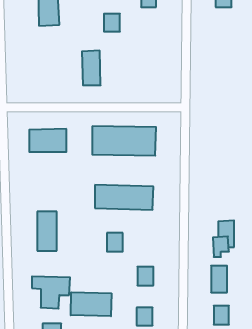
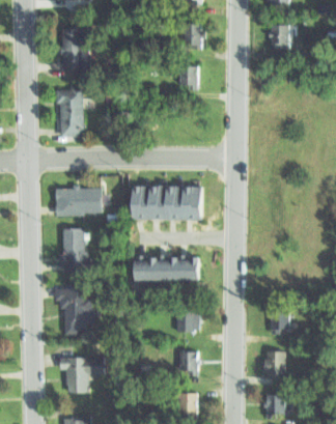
building: [104,14,120,32] -> [180,69,199,90]
building: [82,51,101,85] -> [62,89,84,130]
building: none -> [62,229,85,275]
building: [107,233,123,252] -> [184,313,202,335]
building: [71,292,111,316] -> none

